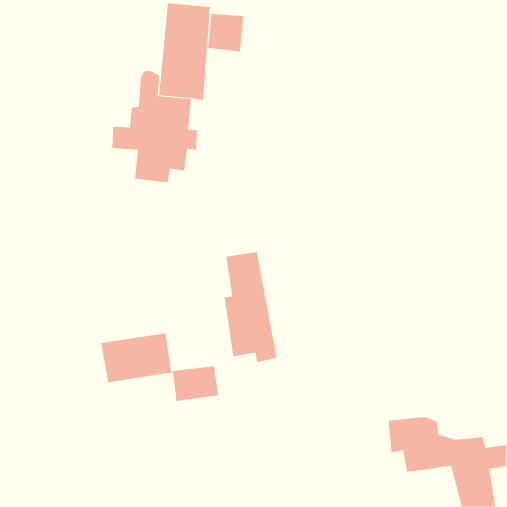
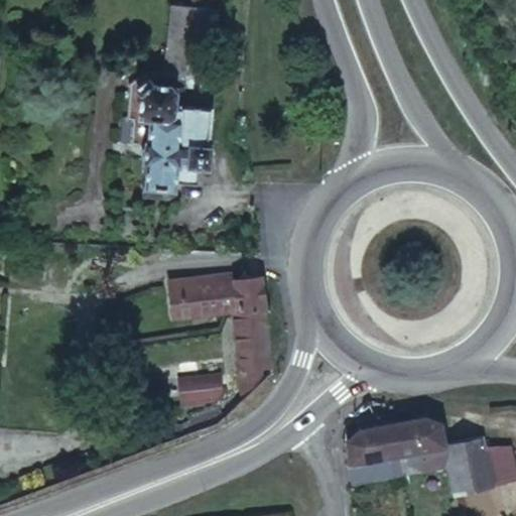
building: [208,13,244,52] -> none
building: [101,333,172,383] -> [162,260,235,310]
building: none -> [350,426,412,486]

